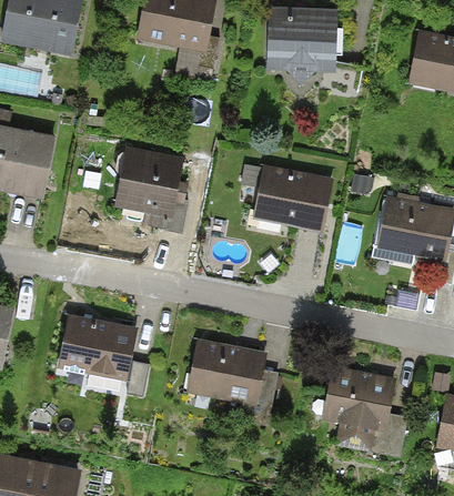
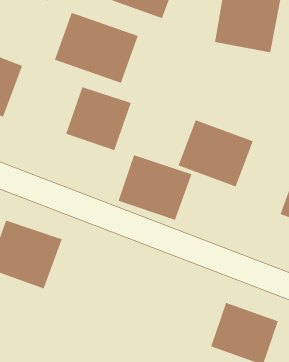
building: none -> [54,12,139,84]
building: [186,338,266,406] -> [118,154,192,221]

